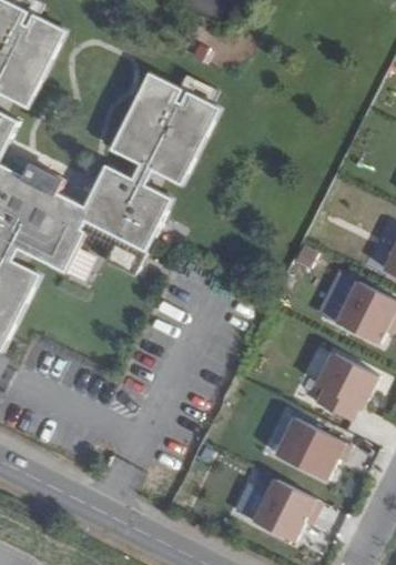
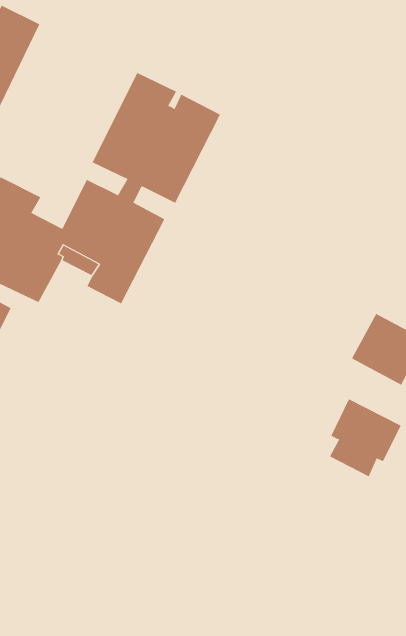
building: [273,416,347,478] -> none
building: [252,478,313,541] -> none

